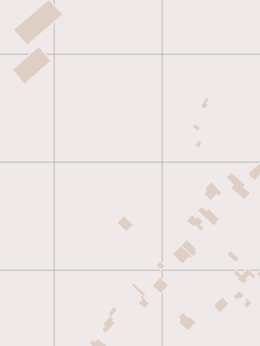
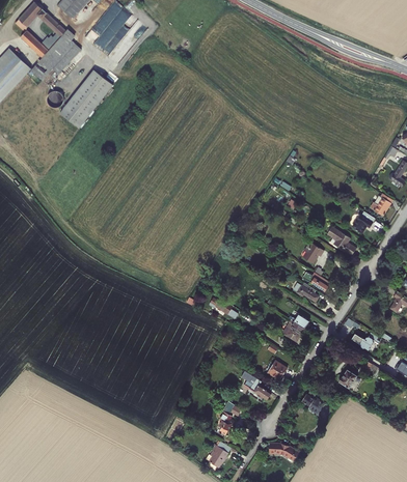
building: [12,46,51,84] -> none

